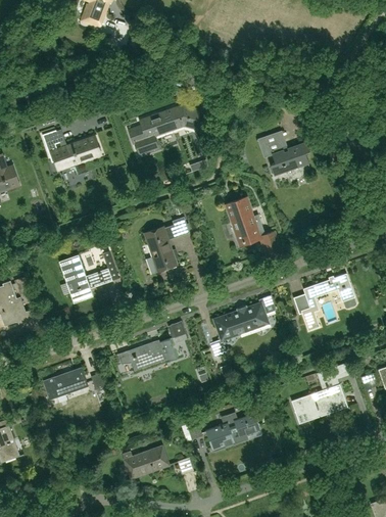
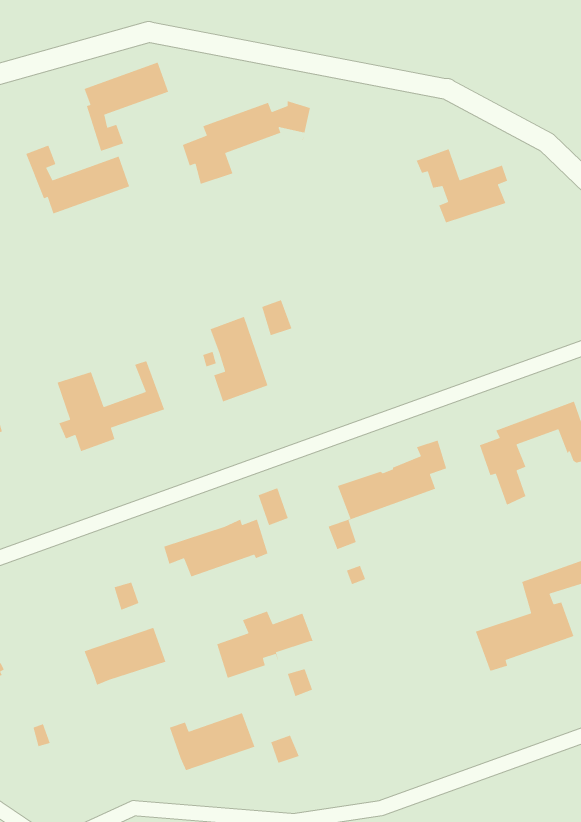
building: none -> [83,62,169,152]
building: [227,197,282,256] -> none
building: [43,367,89,400] -> [84,627,167,686]
building: [206,412,260,450] -> [216,611,314,679]

